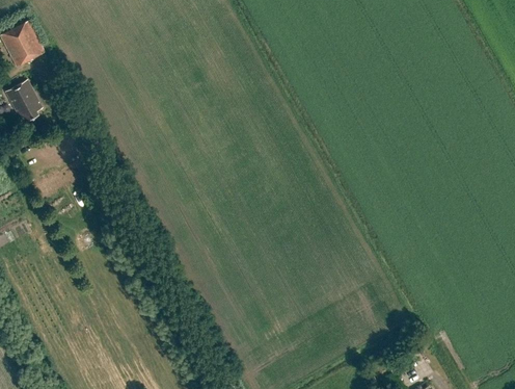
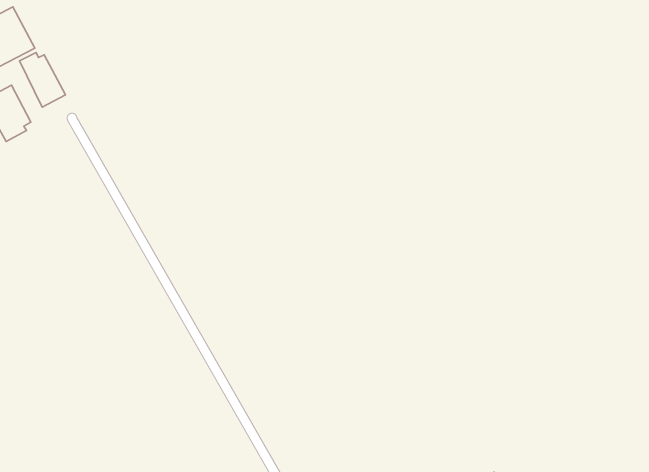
building: none -> [20,52,65,107]

